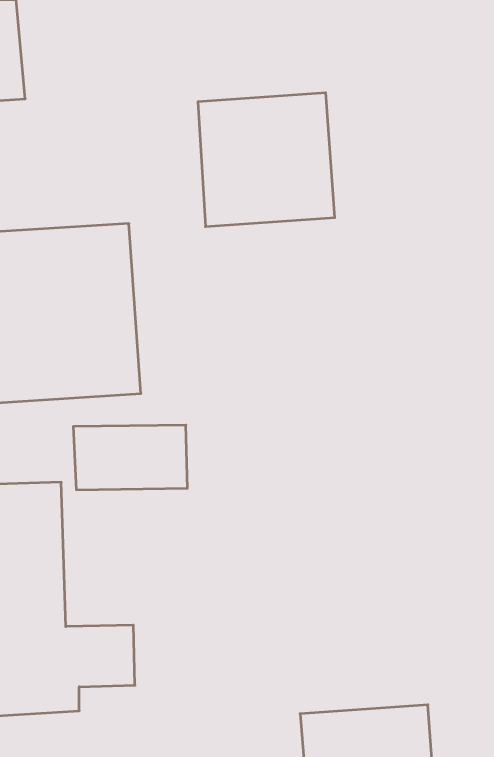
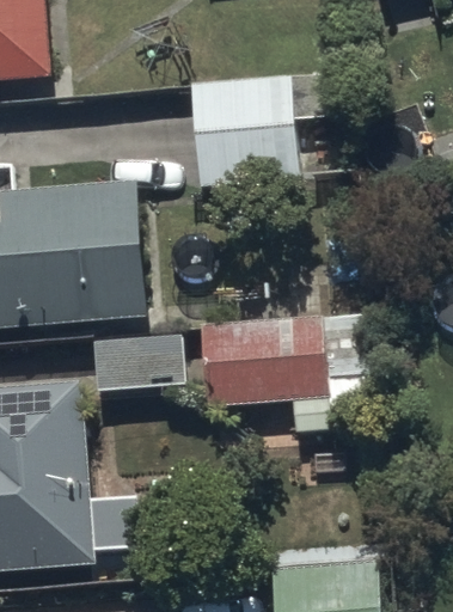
building: none -> [201,319,331,432]

